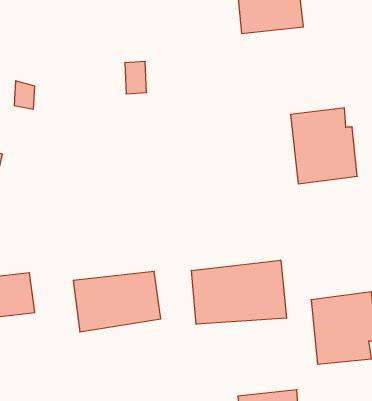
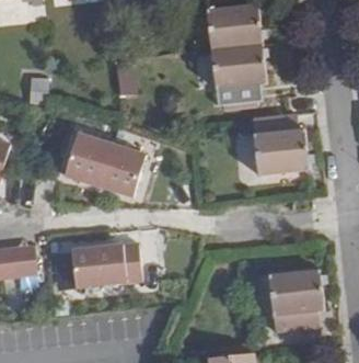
building: none -> [212,36,269,99]
building: none -> [62,134,148,204]
building: [191,260,287,324] -> none

